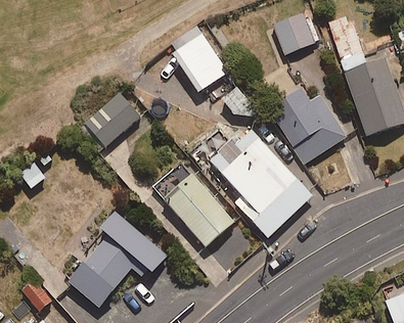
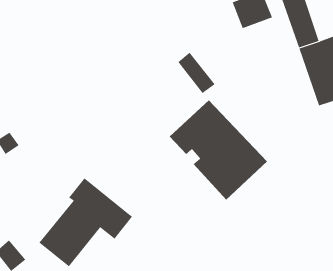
building: [168,27,227,91] -> none
building: [269,88,346,163] -> none
building: [84,92,139,147] -> none
building: [152,162,234,246] -> none

